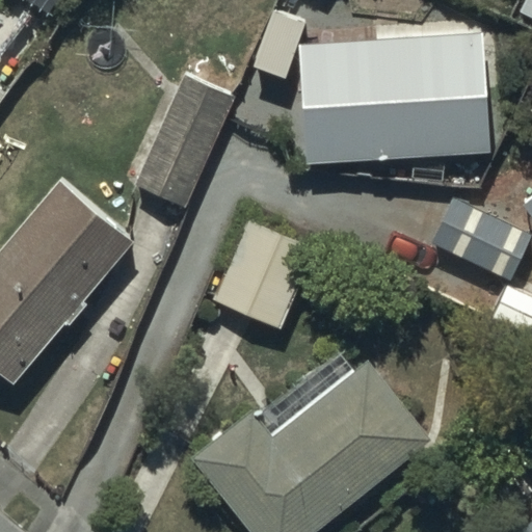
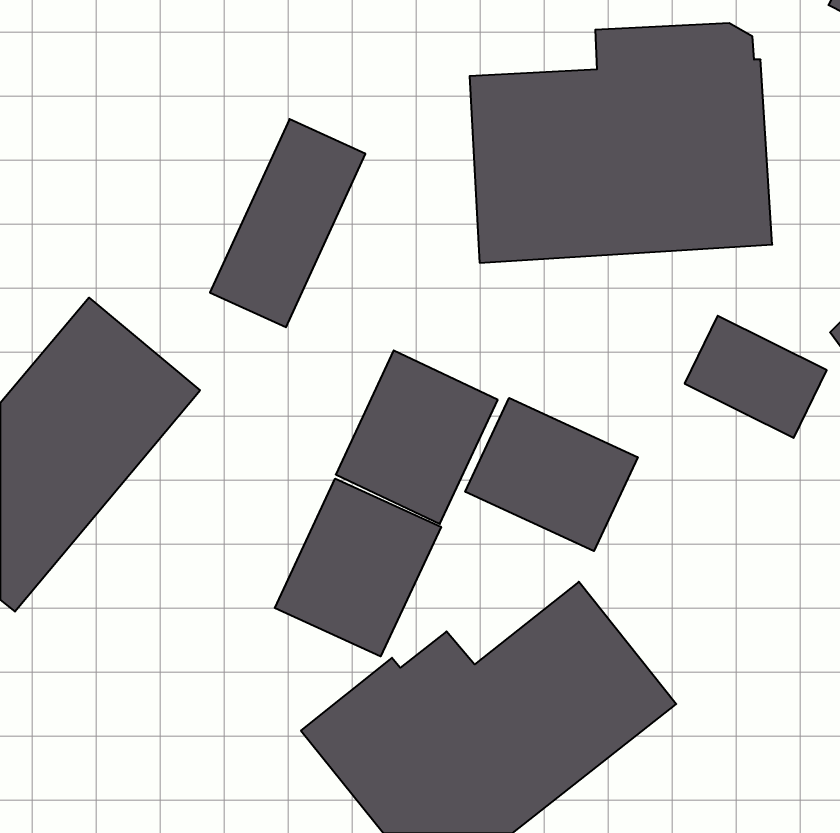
building: none -> [465,398,638,551]
building: none -> [275,479,441,656]

